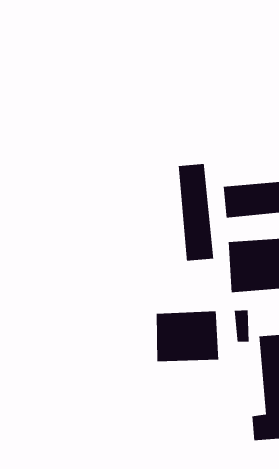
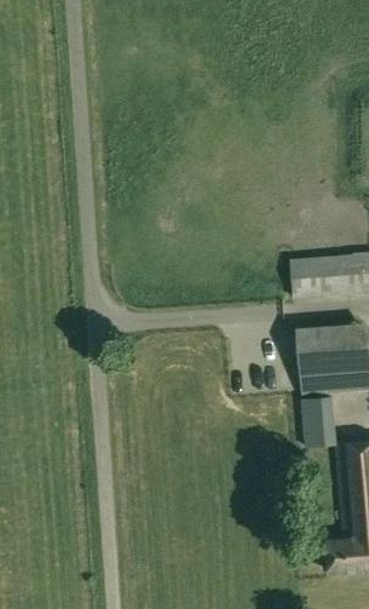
building: [178,163,214,262] -> none
building: [156,310,219,362] -> none

